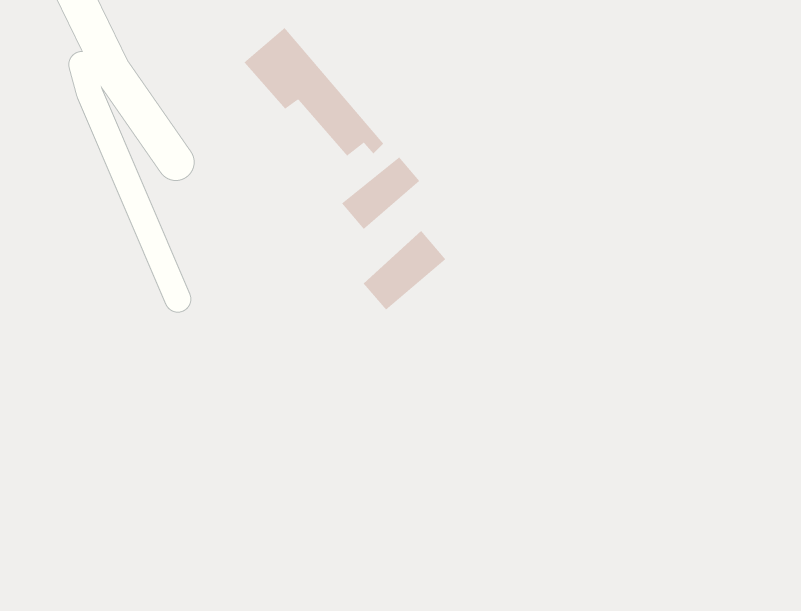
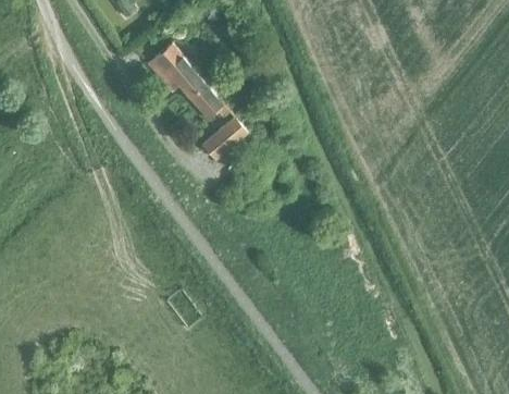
building: [363,230,446,310] -> none

